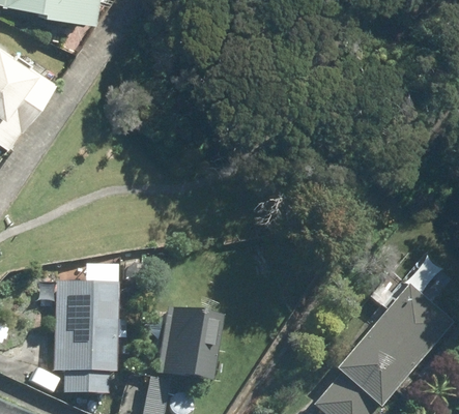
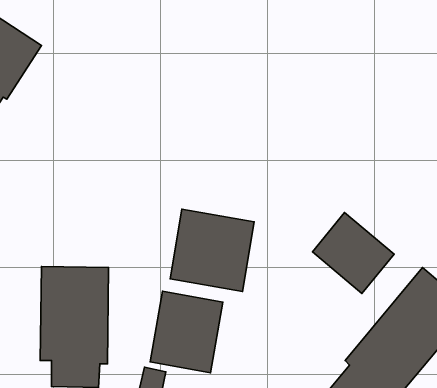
building: none -> [170,209,254,291]
building: none -> [312,213,394,294]

